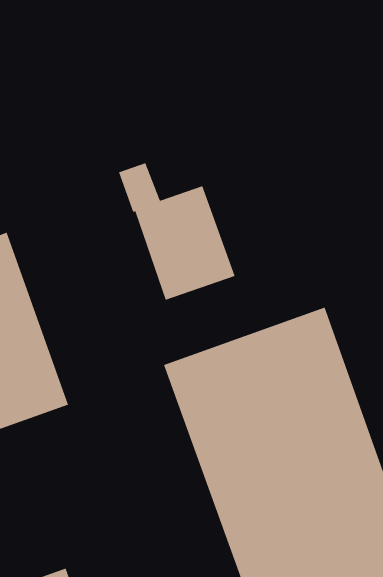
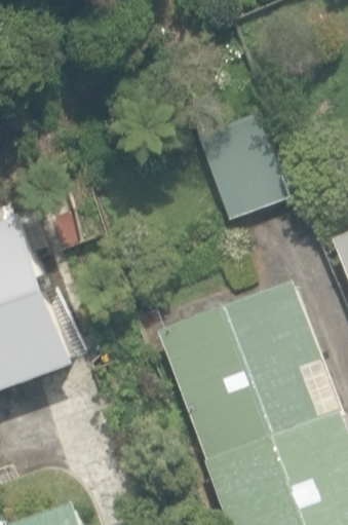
building: [118,163,235,300] -> [184,93,283,211]

